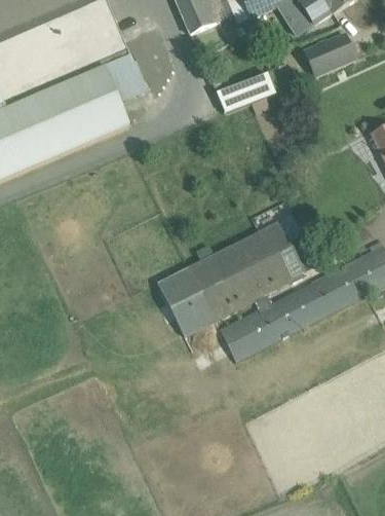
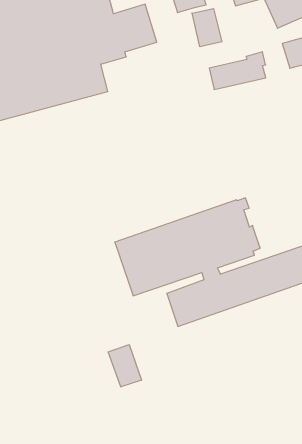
building: none -> [192,9,222,47]
building: none -> [108,345,142,387]

